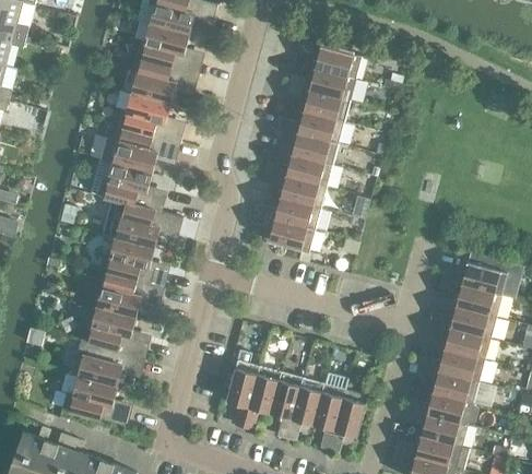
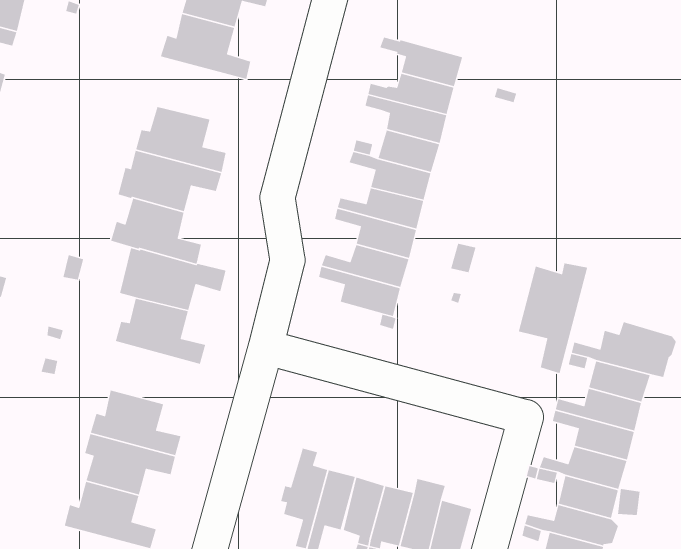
building: [129,56,198,103] -> none
building: none -> [518,262,588,374]
building: [94,270,163,317] -> none

